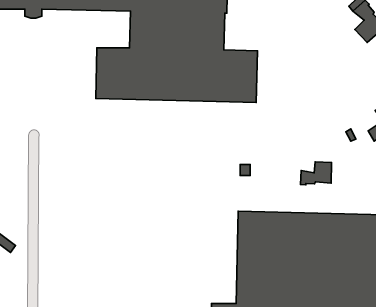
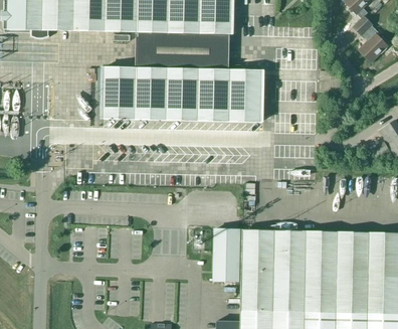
building: [301,162,332,185] -> none
building: none -> [213,228,240,280]

